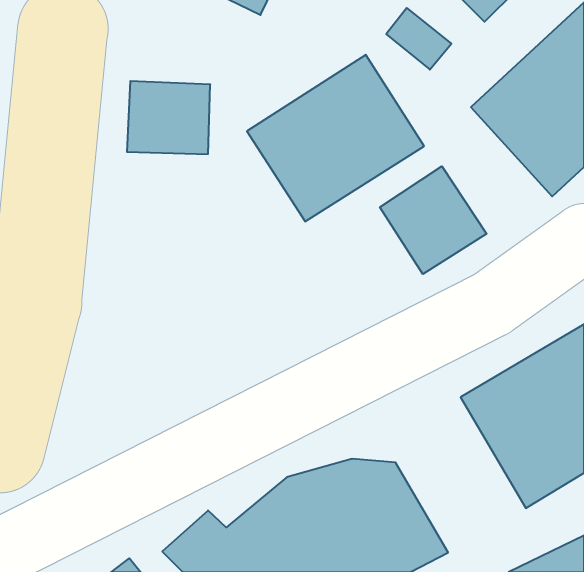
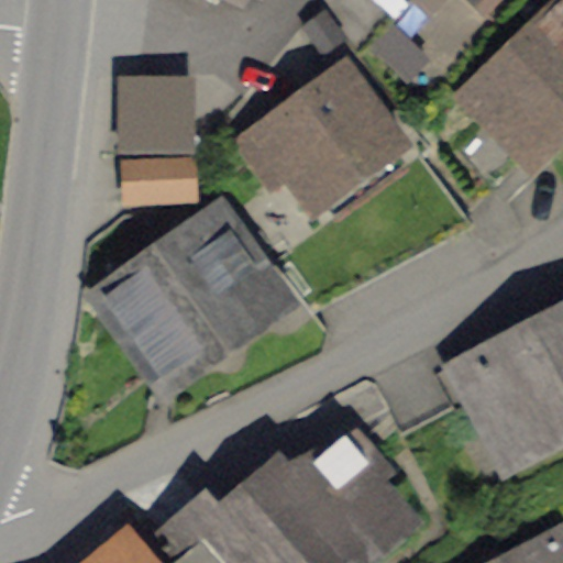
building: none -> [119,146,200,199]
building: [380,166,487,274] -> none
building: none -> [98,206,313,396]

